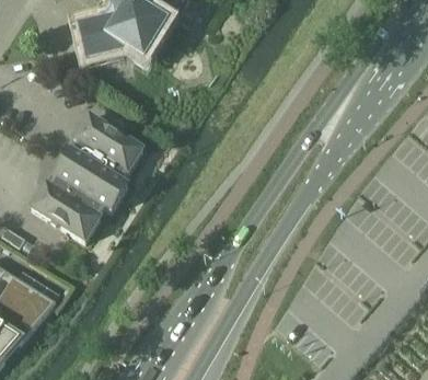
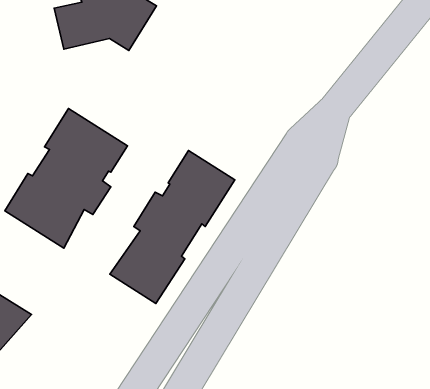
building: none -> [110,151,235,304]

